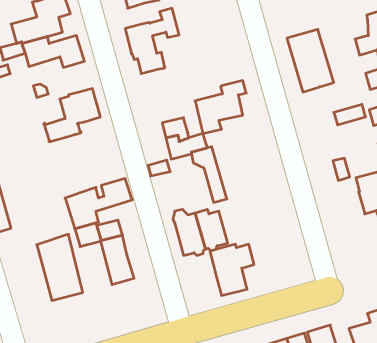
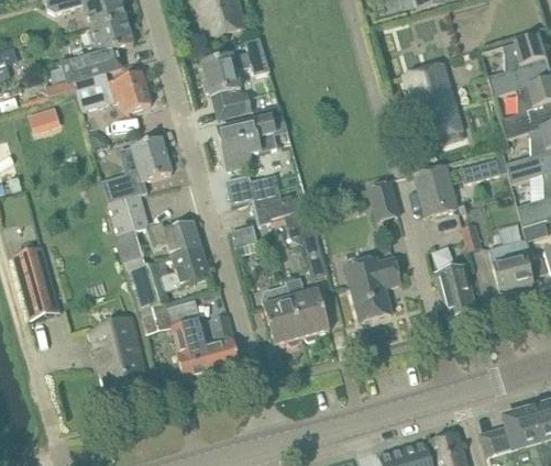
building: [195,81,246,134] -> [219,103,283,169]
building: none -> [414,164,459,215]
building: none -> [368,181,399,220]
building: none -> [106,195,202,273]
building: none -> [436,263,477,318]
building: none -> [205,313,242,373]
building: [210,244,254,295] -> [345,256,400,320]

